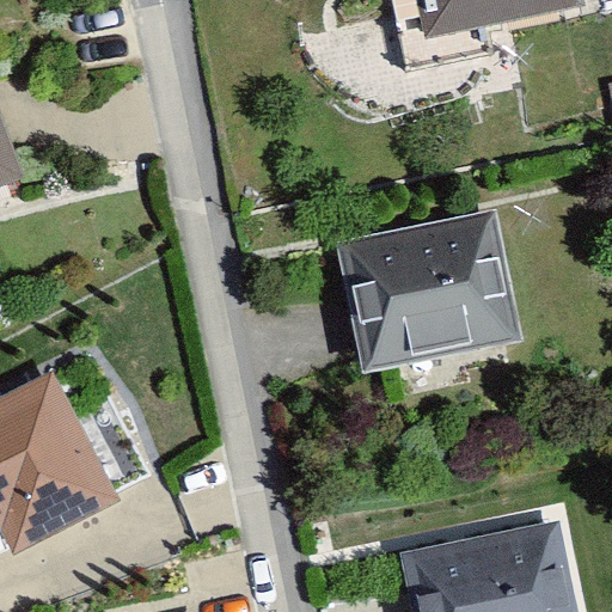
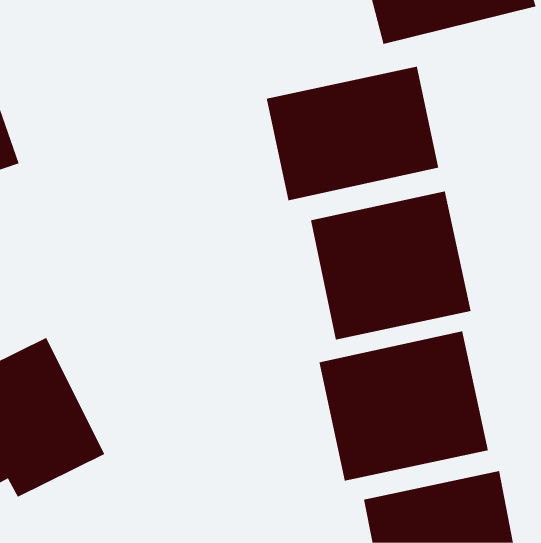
building: none -> [266,66,439,201]
building: none -> [319,330,488,482]

